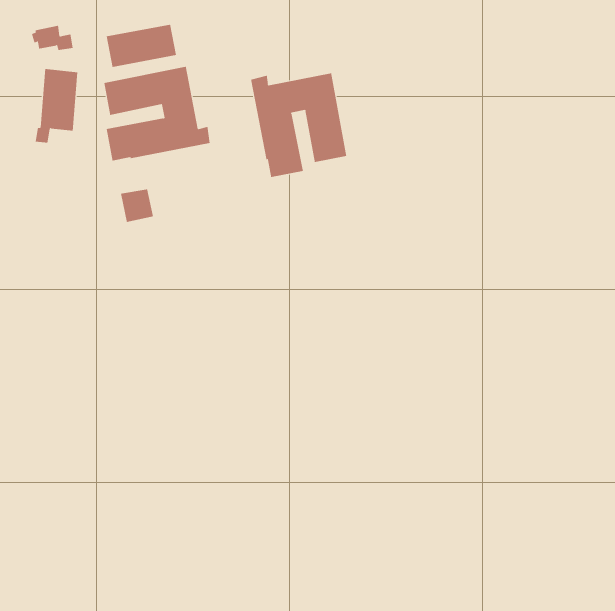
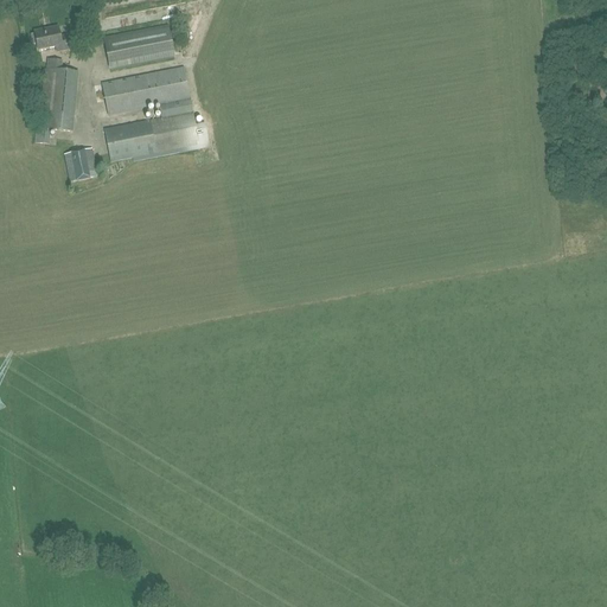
building: [250,73,347,178] -> none
building: [120,189,154,222] -> [64,147,97,180]

